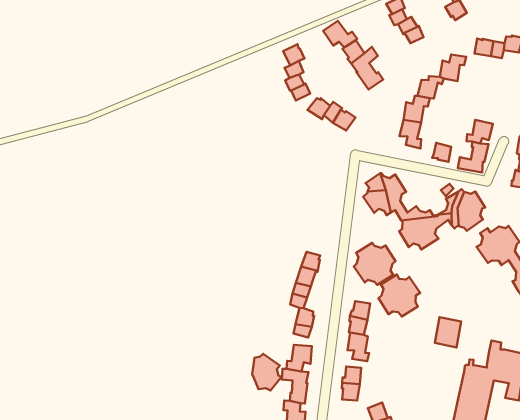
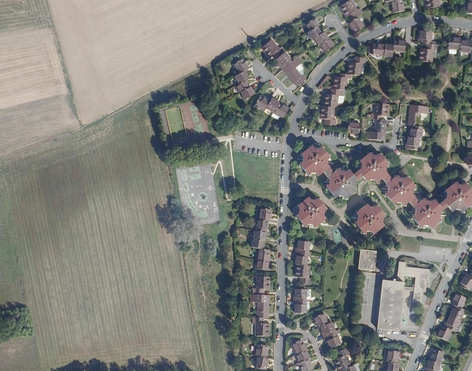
building: [379,275,420,316] -> [354,204,384,234]
building: [252,354,282,391] -> none

